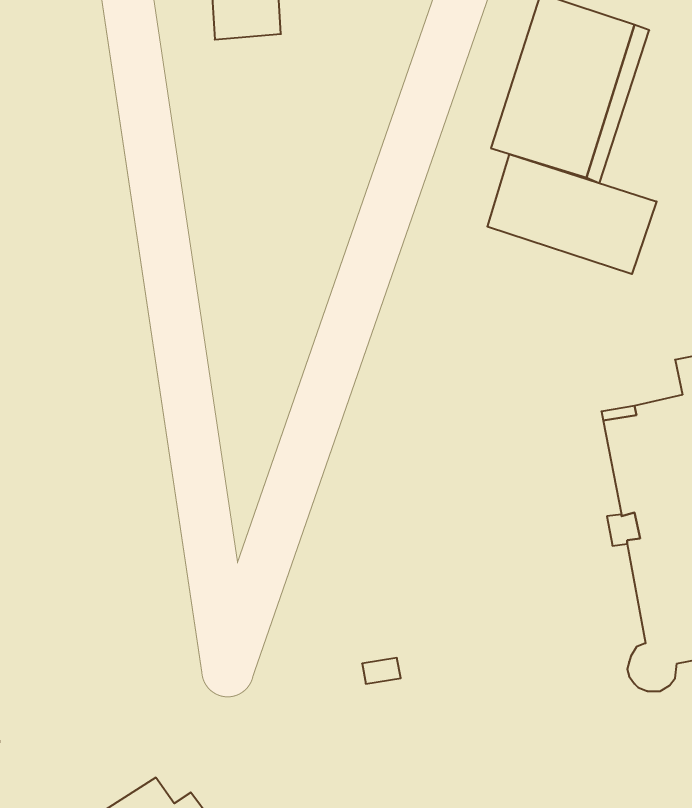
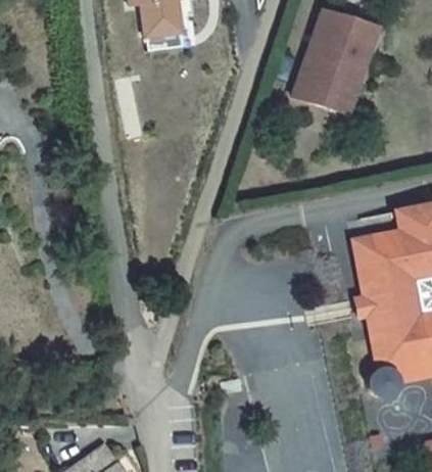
building: [487,154,657,274] -> none

